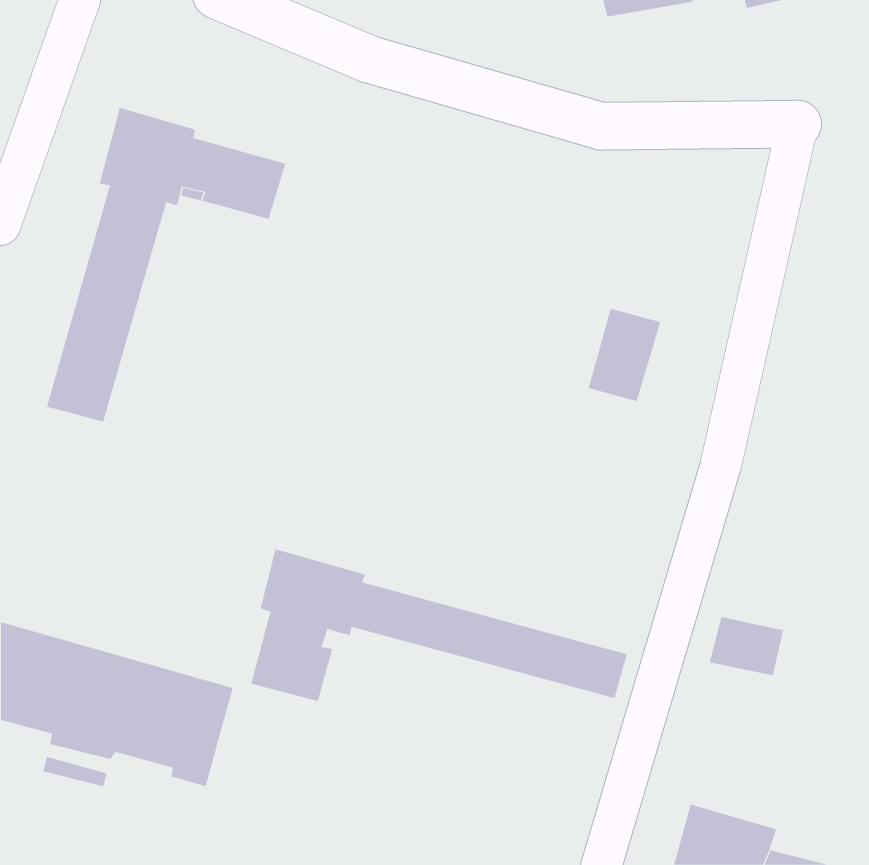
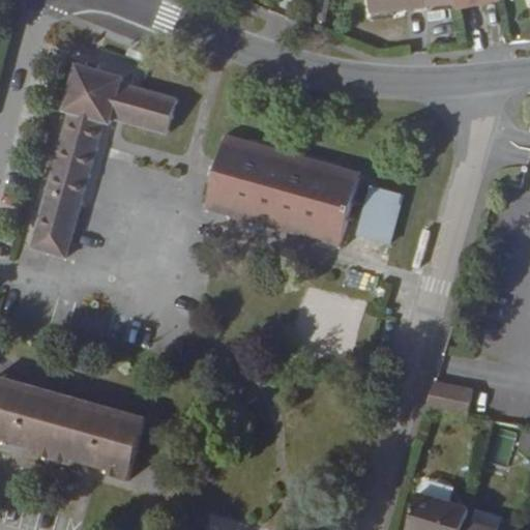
building: none -> [205,136,359,245]
building: [251,548,628,702] -> none

